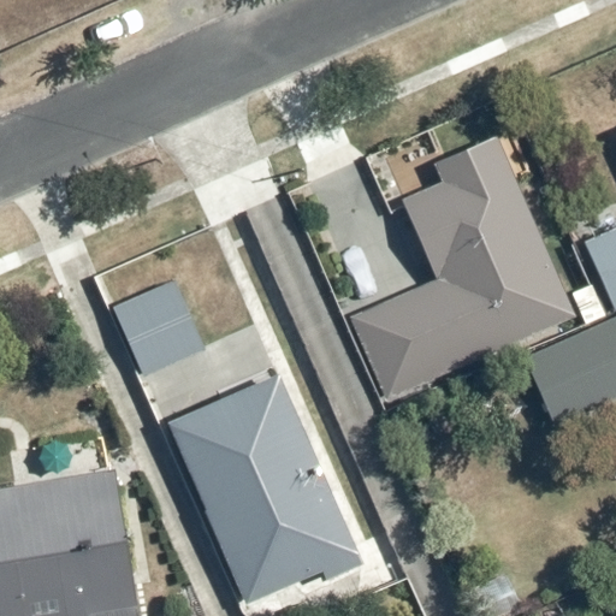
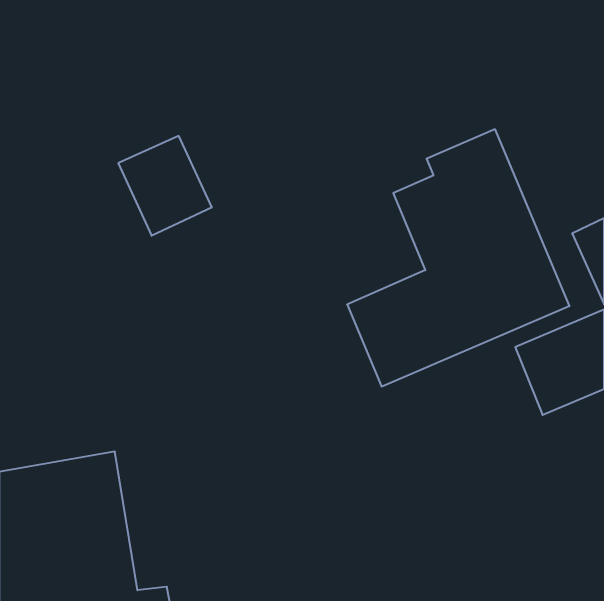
building: [108,278,203,379] -> [118,136,212,236]
building: [167,373,361,604] -> none

